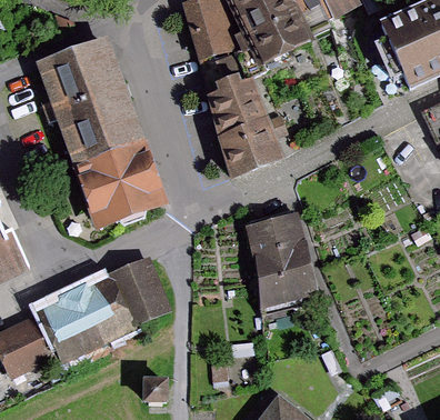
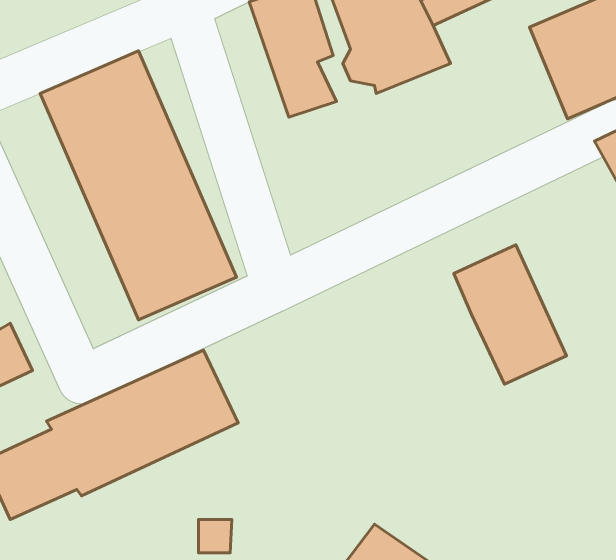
building: [208,76,286,170] -> none
building: [239,206,318,303] -> [454,245,566,384]

